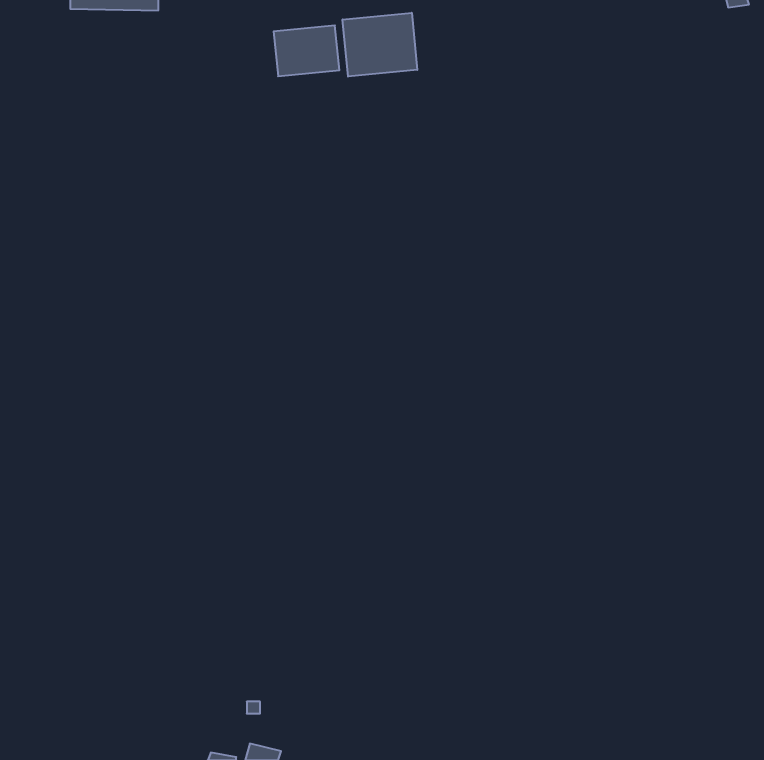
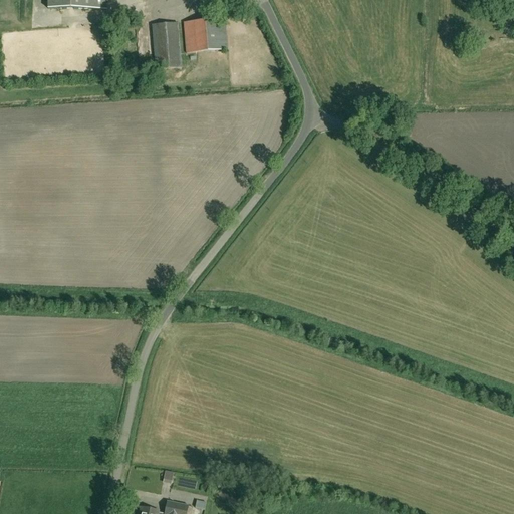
building: [343,13,417,77] -> none
building: none -> [152,21,181,67]

